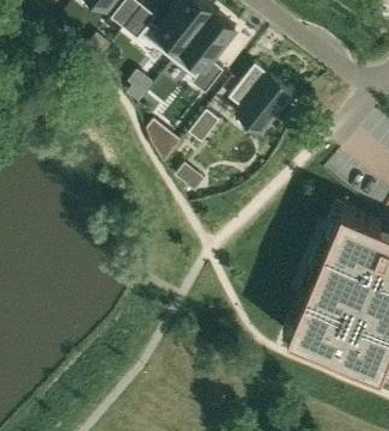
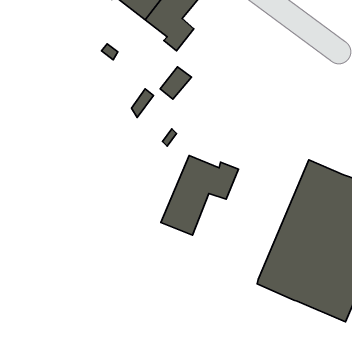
building: [229,63,292,133] -> none
building: none -> [161,156,238,235]

